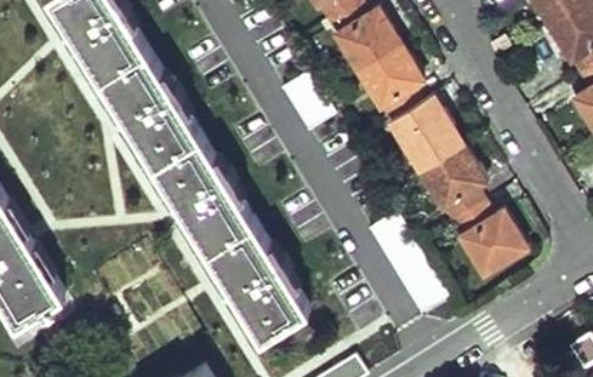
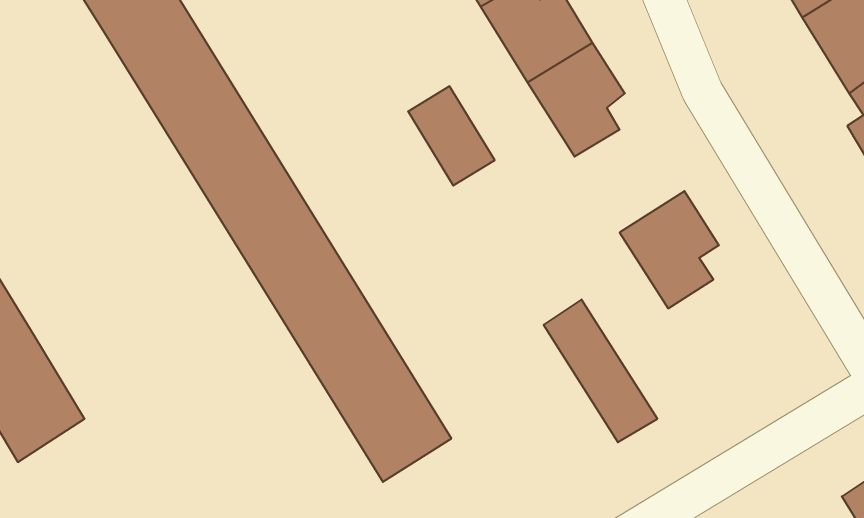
building: [390,102,464,171] -> none
building: [454,202,529,274] -> none

